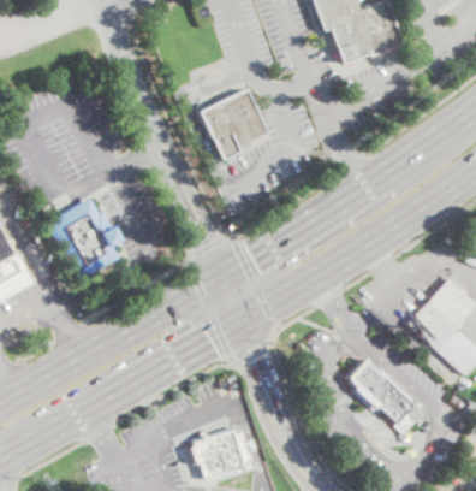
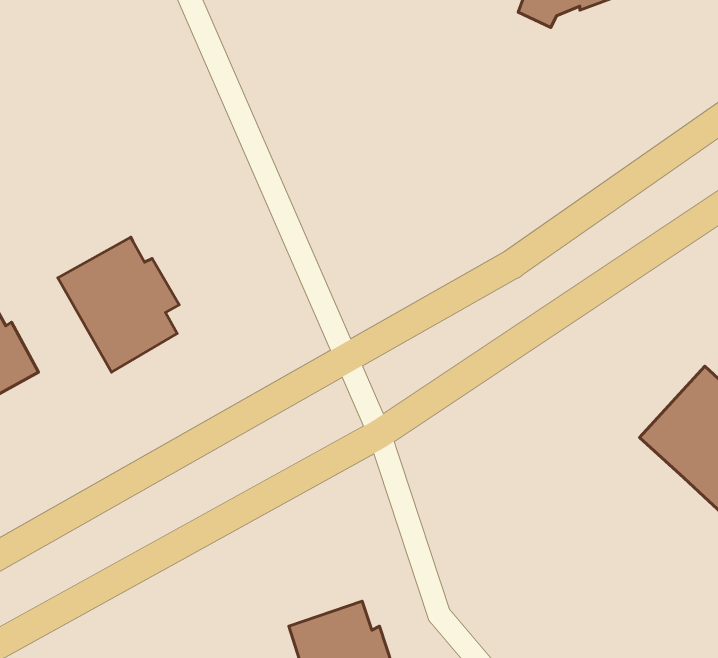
building: [200,88,268,159] -> none
building: [347,356,423,432] -> none

